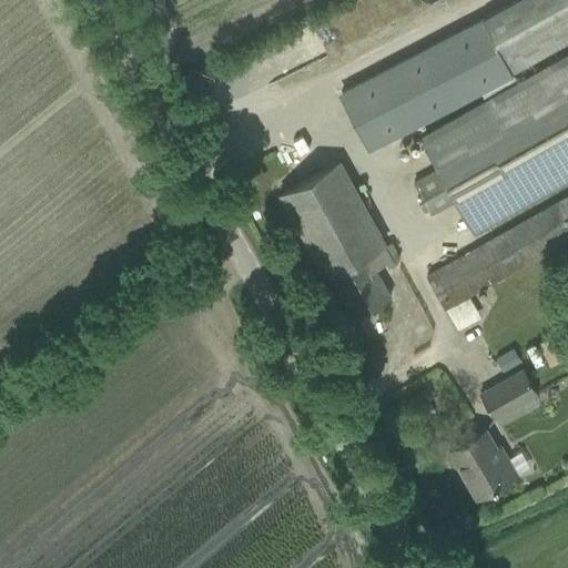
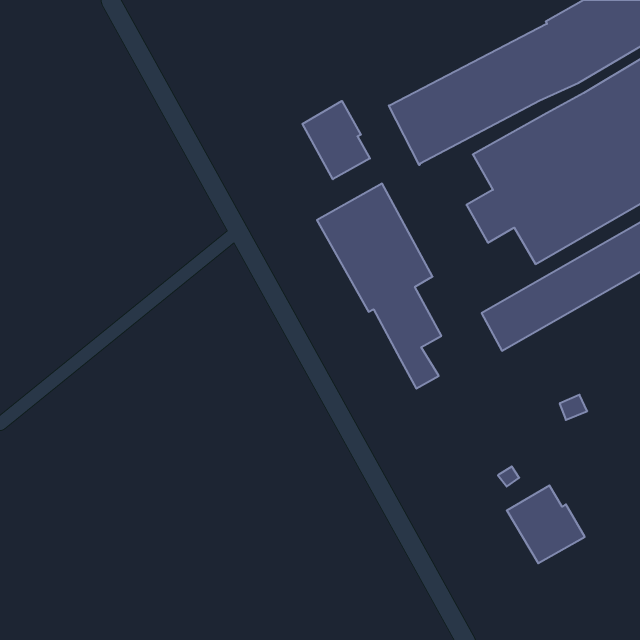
building: none -> [302,101,370,179]
building: [481,371,539,420] -> none

